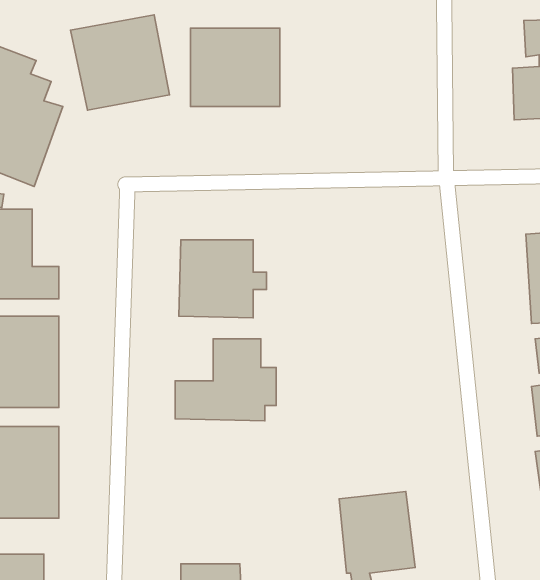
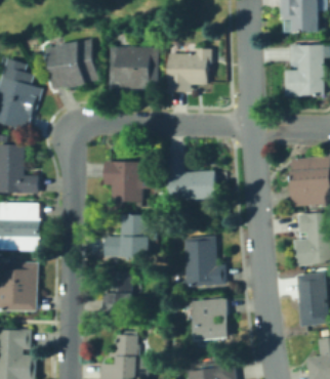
building: none -> [166,49,210,93]
building: none -> [161,157,217,201]
building: none -> [179,235,225,288]
building: none -> [104,273,133,317]

